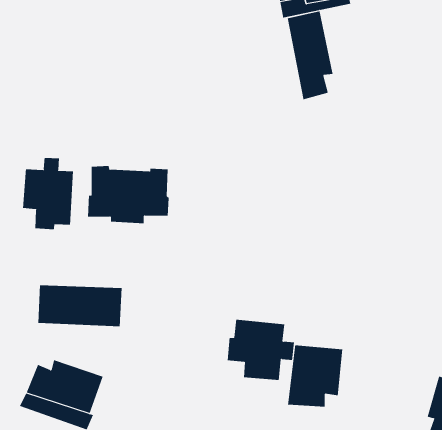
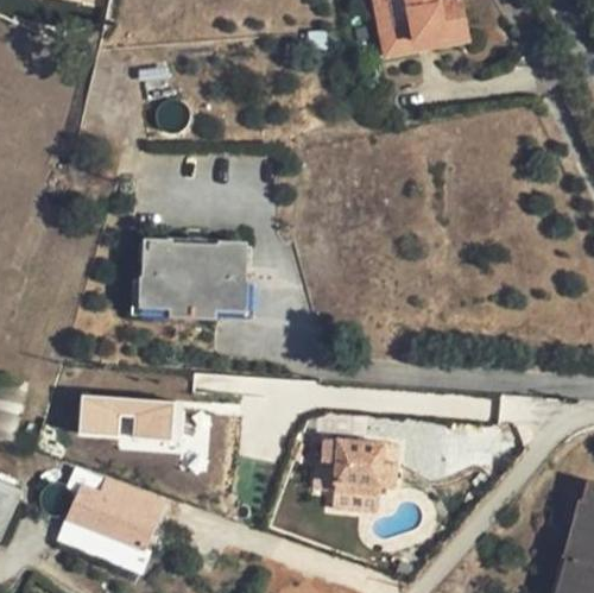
building: [287,10,333,100] -> none
building: [23,157,74,230] -> none
building: [288,344,343,407] -> none

